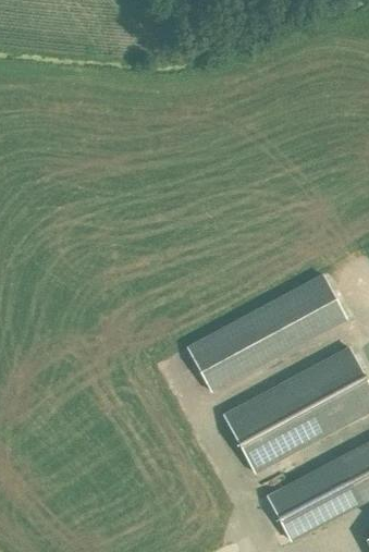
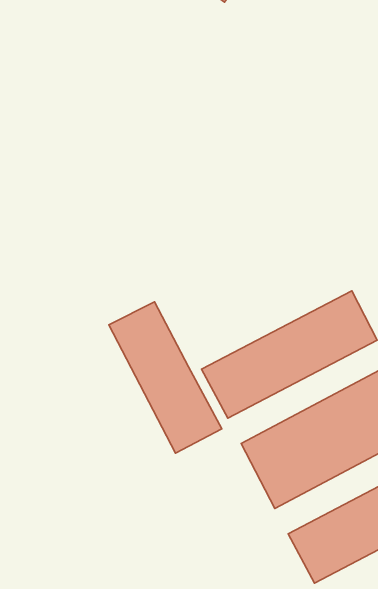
building: none -> [109,302,222,453]

